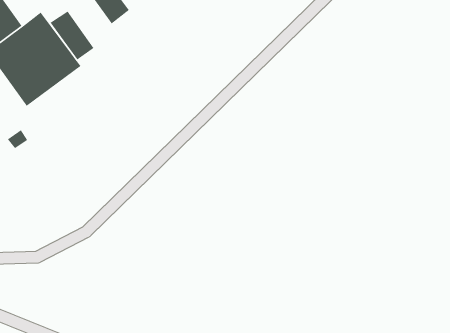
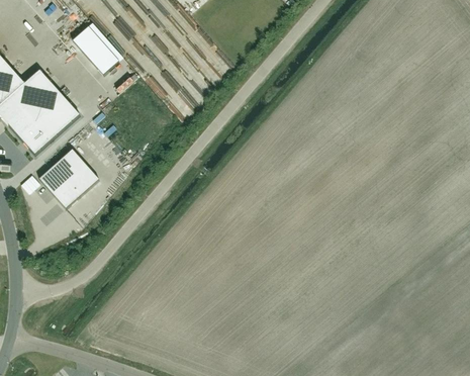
building: [49,10,95,61] -> none
building: none -> [38,149,99,208]

